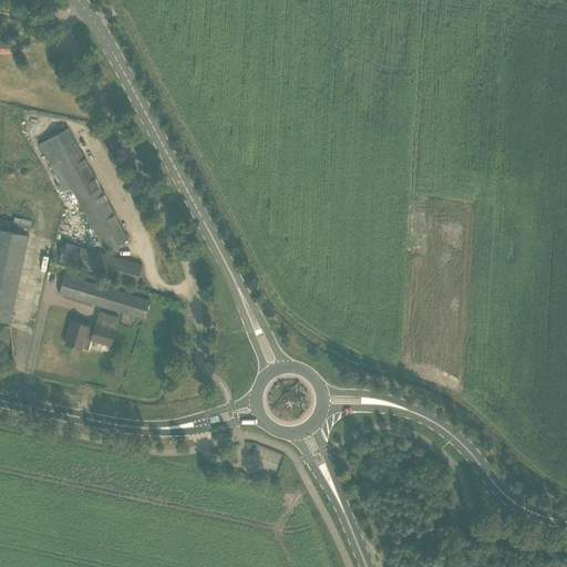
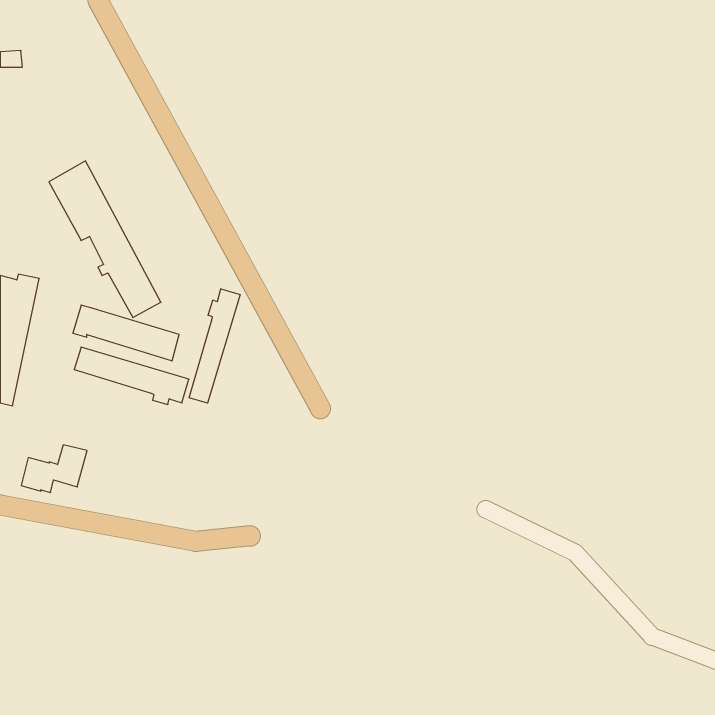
building: none -> [189,289,240,403]
building: [65,311,117,349] -> [21,445,87,493]

